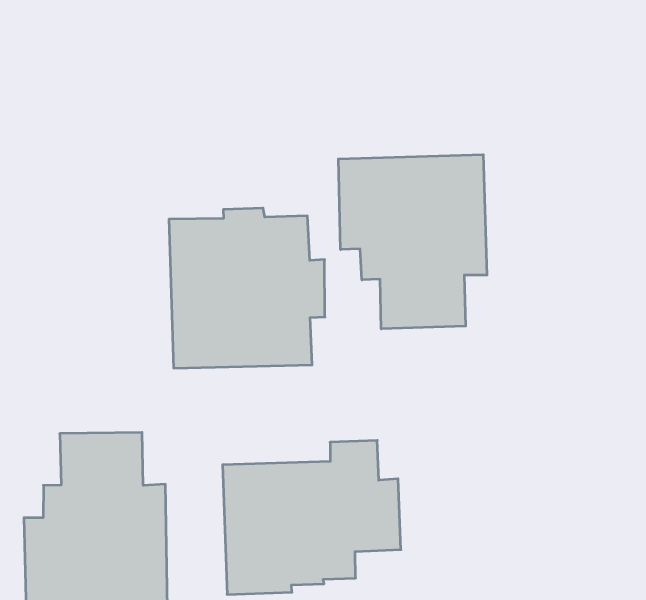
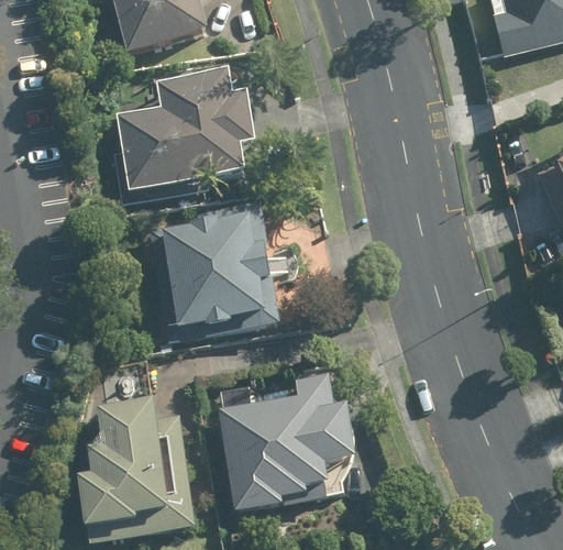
building: none -> [107,73,264,206]
building: [338,155,487,329] -> none

